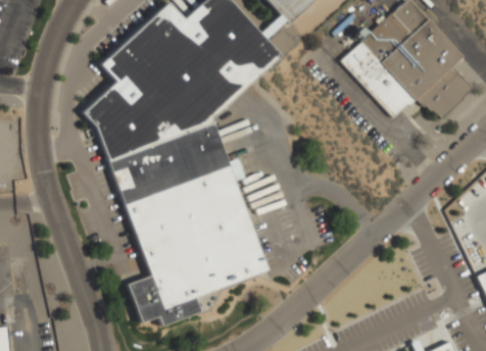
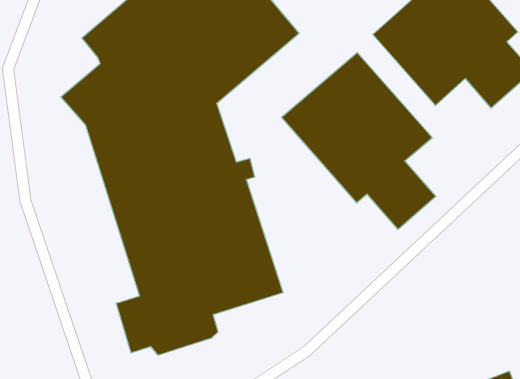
building: none -> [282,52,436,229]

